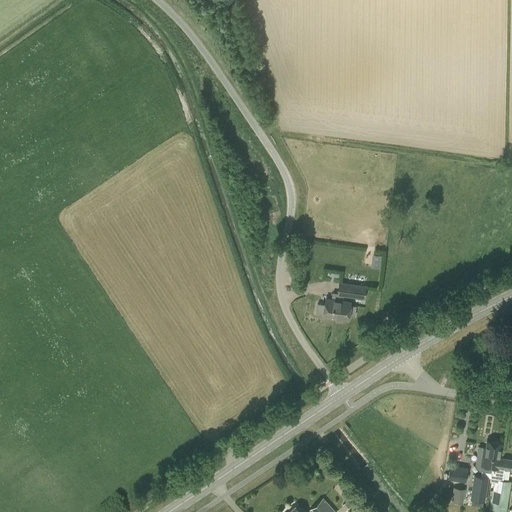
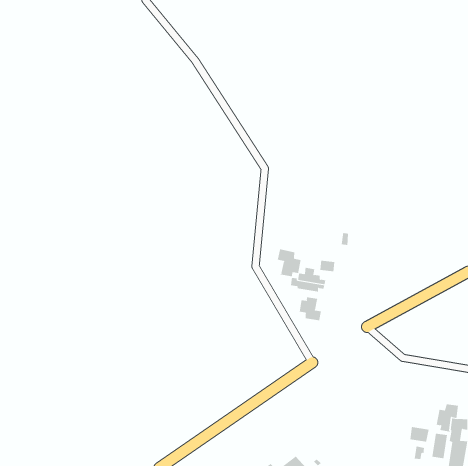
building: none -> [277,249,301,277]
building: none -> [299,296,322,321]

